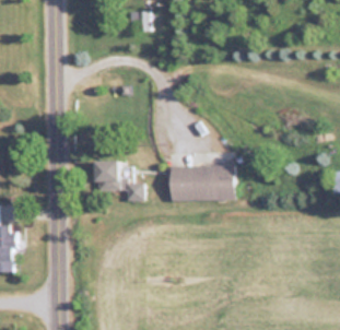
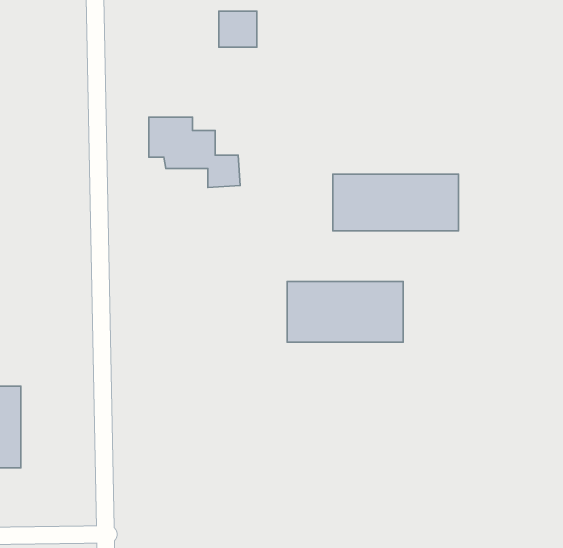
building: none -> [333,174,459,231]
building: [93,161,145,201] -> [149,117,240,188]

